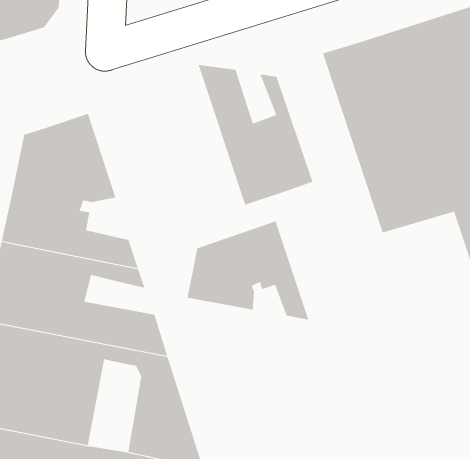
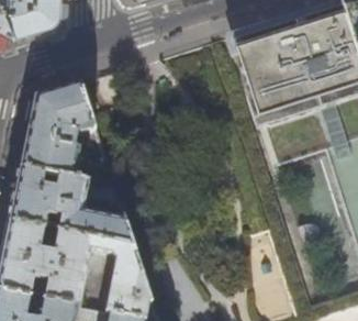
building: [198,64,313,206] -> none
building: [187,220,309,321] -> none

